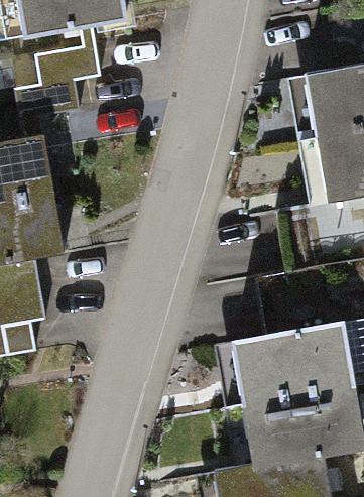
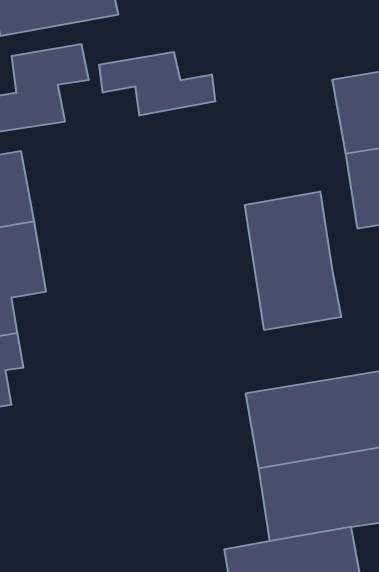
building: none -> [99,52,215,116]
building: none -> [245,191,341,330]

